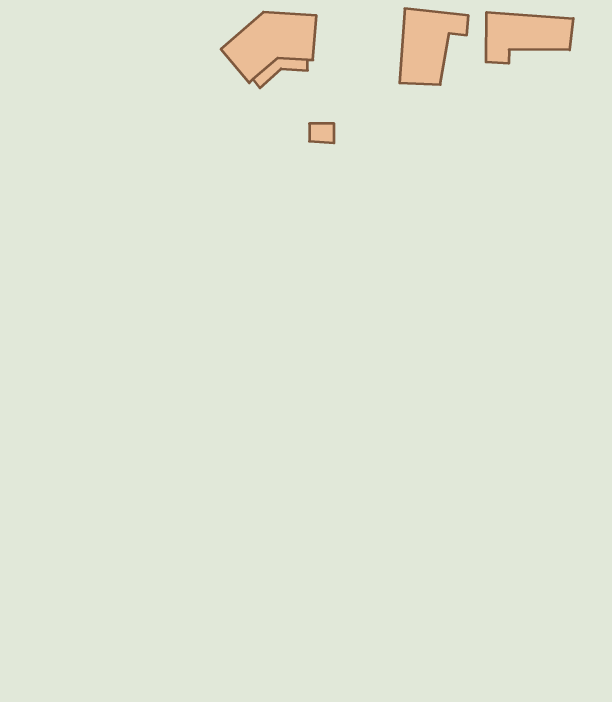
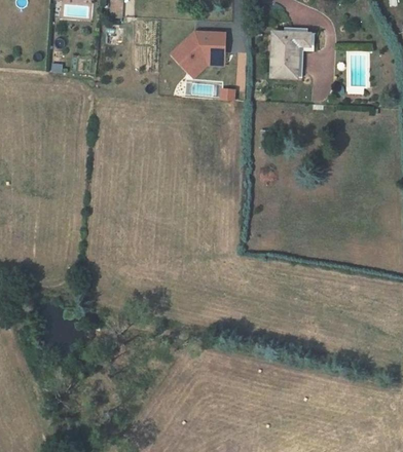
building: [486,12,573,63] -> none

